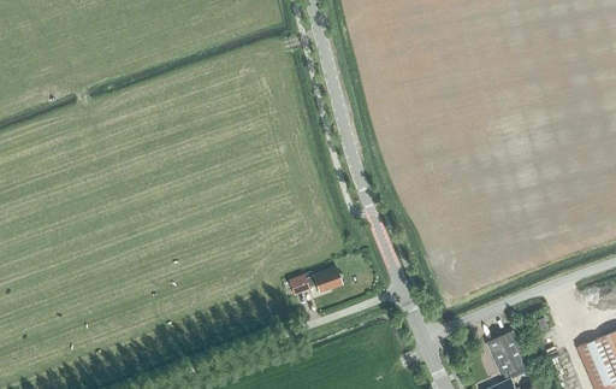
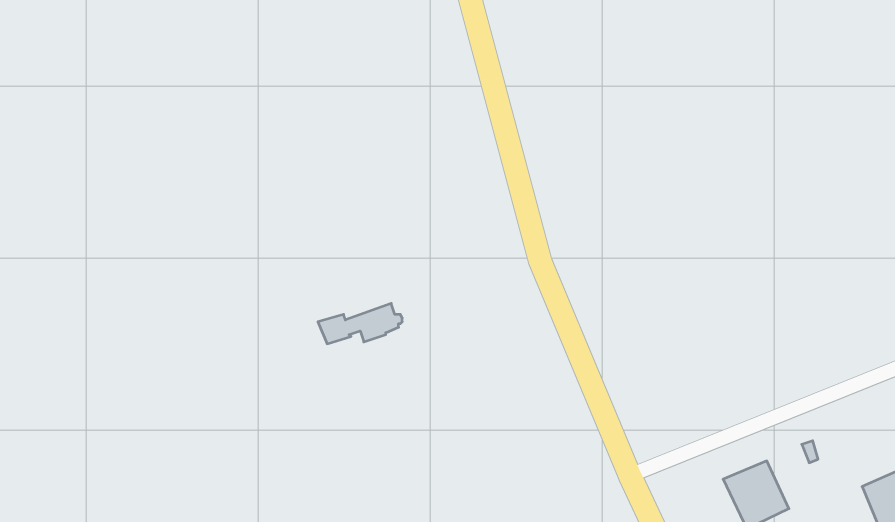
building: [289,267,344,294] -> [318,303,402,344]

